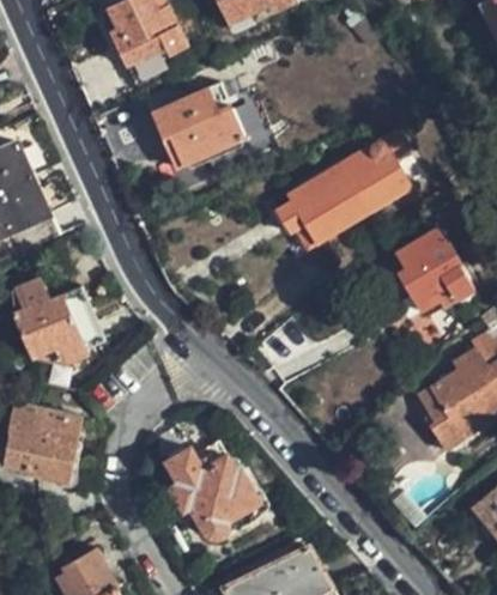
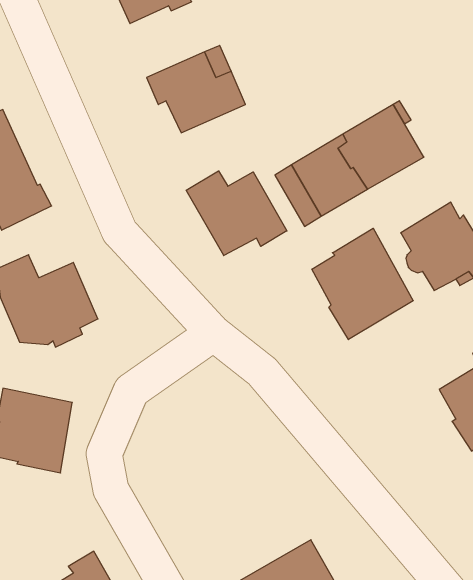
building: none -> [186,171,287,256]
building: none -> [312,228,413,340]
building: [166,438,255,536] -> none

